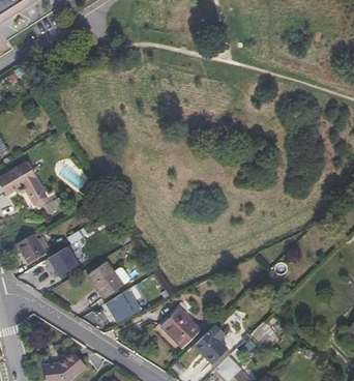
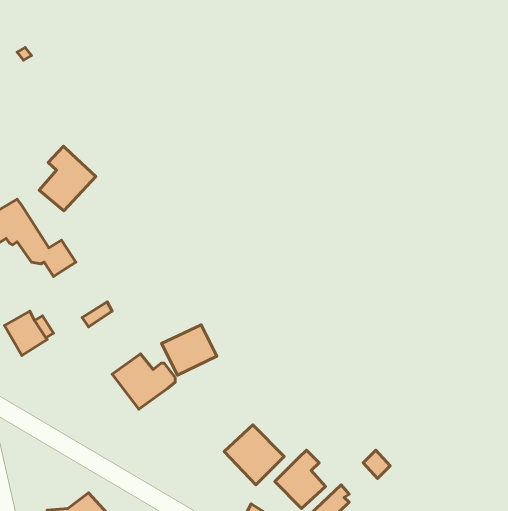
building: none -> [39,146,96,211]
building: [46,244,77,275] -> none
building: [104,289,140,322] -> [162,325,217,375]

